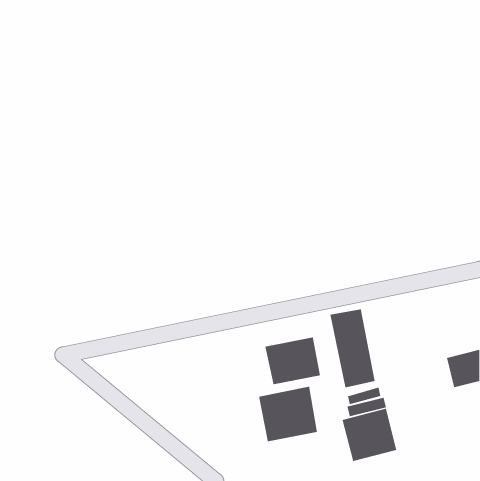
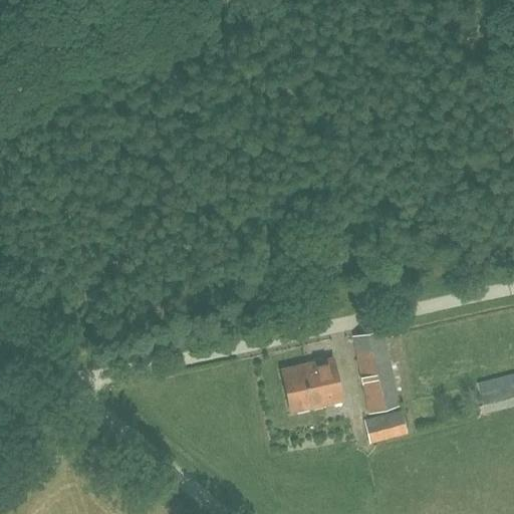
building: [258,386,318,442] -> none
building: [342,408,397,462] -> none

